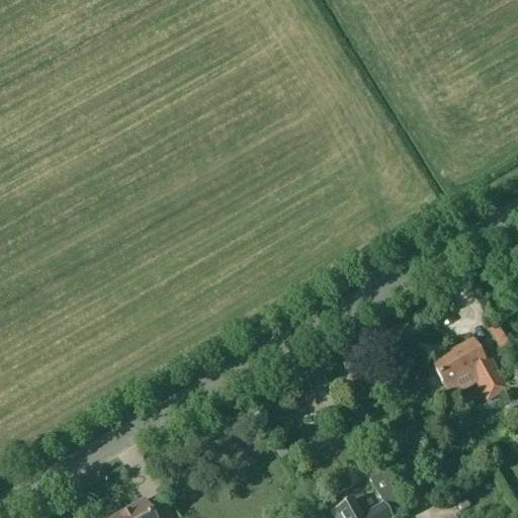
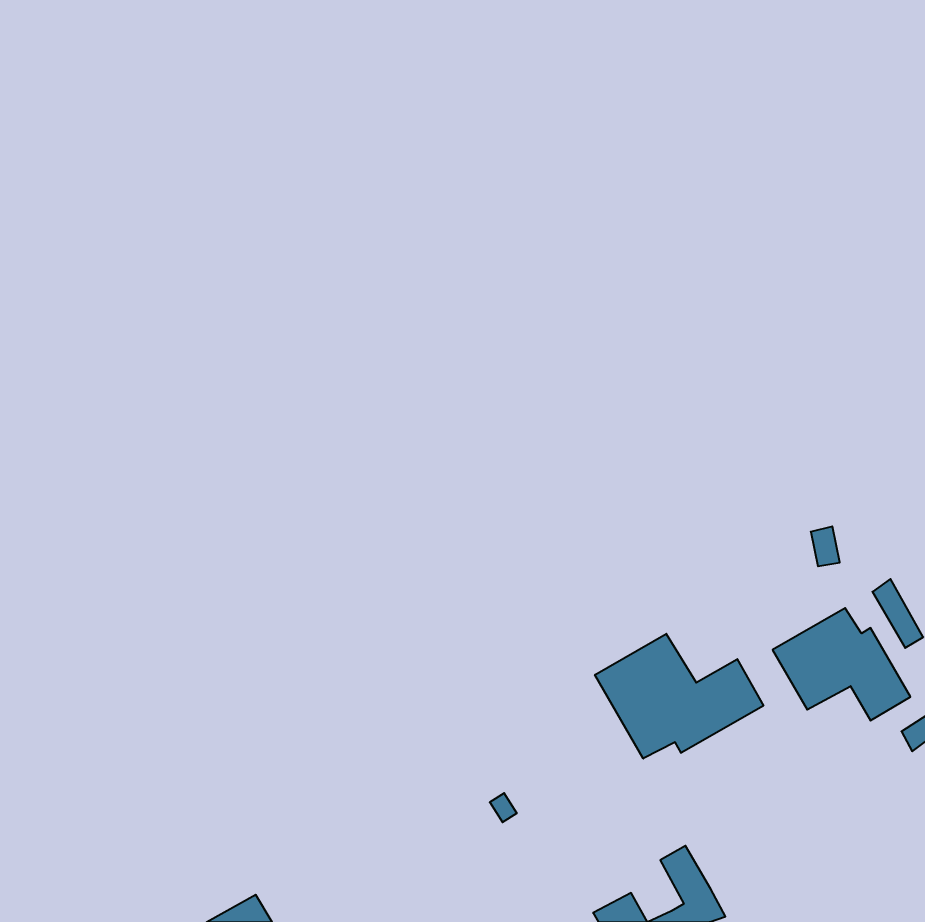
building: none -> [595,634,763,759]

